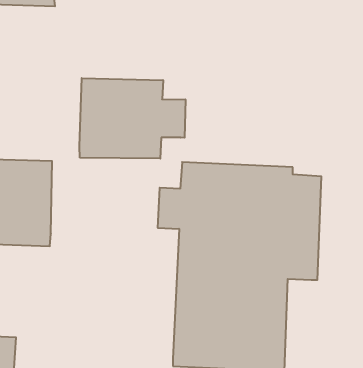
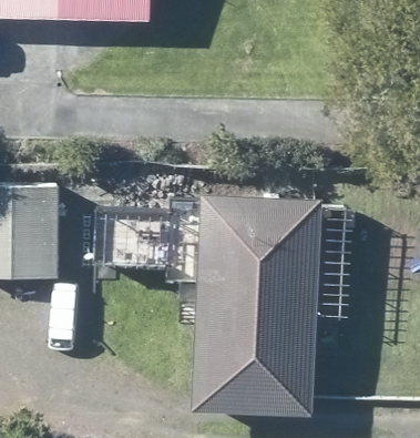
building: [79,78,185,159] -> none

